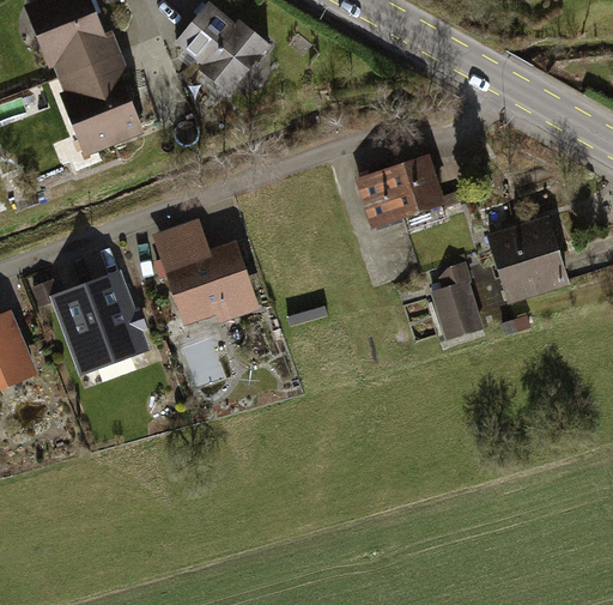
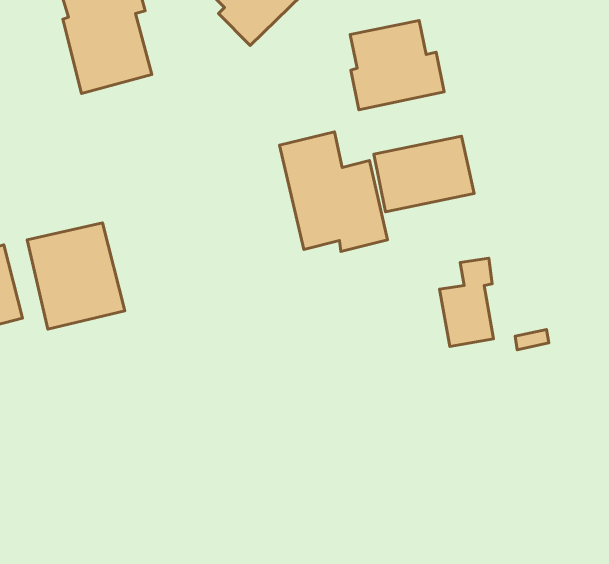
building: none -> [350,21,444,110]
building: [152,217,260,326] -> [280,132,388,251]
building: [485,218,565,302] -> none

